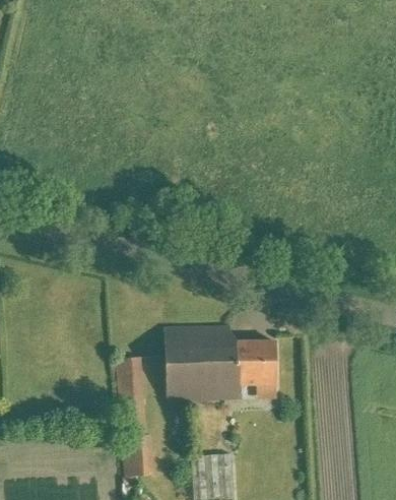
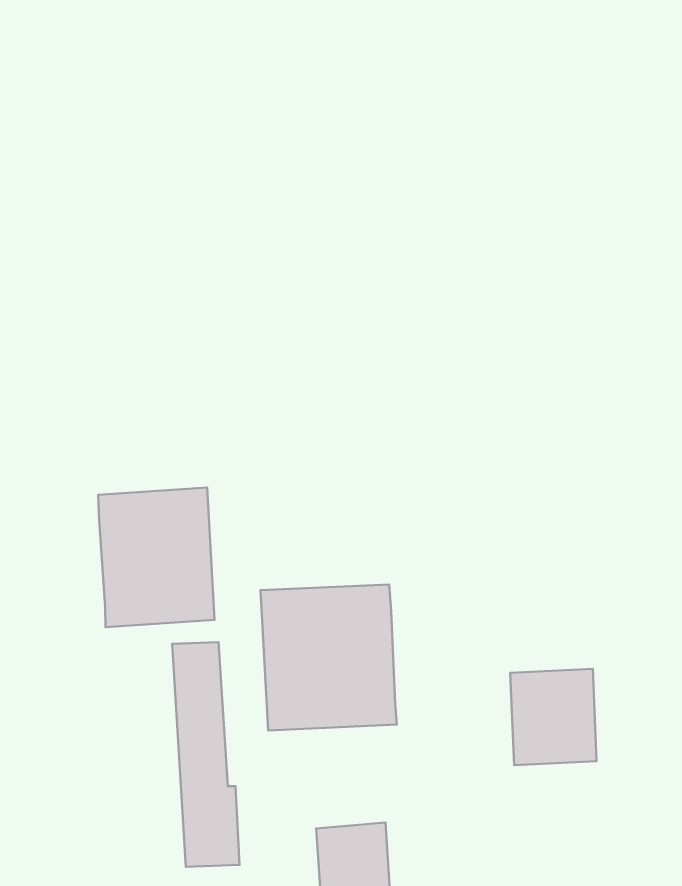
building: none -> [98,487,215,627]
building: [233,338,278,389] -> [510,669,597,765]

